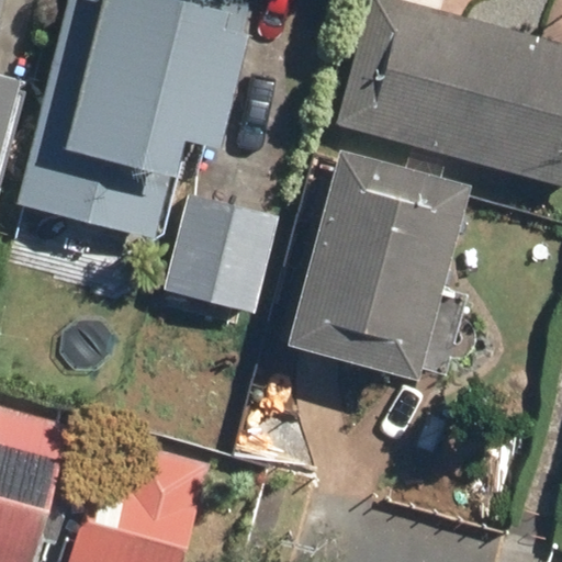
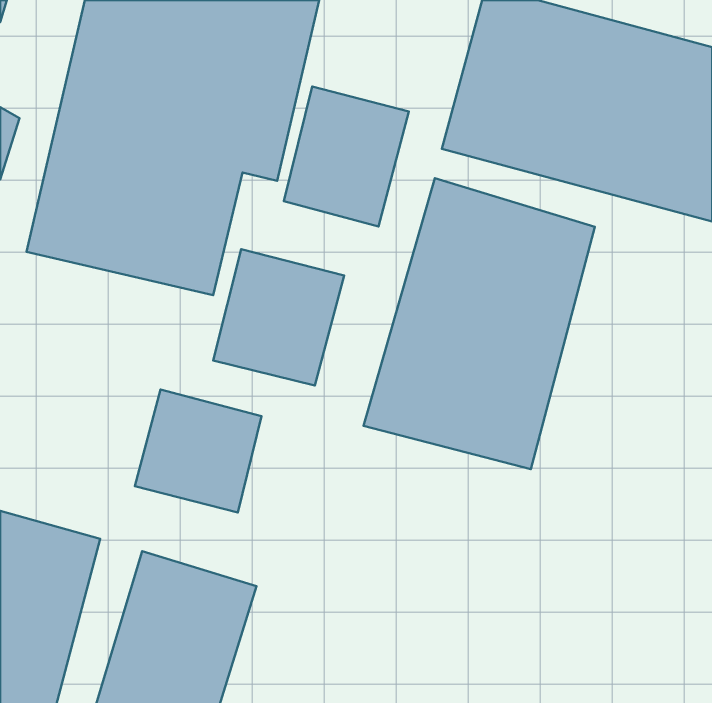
building: none -> [284,87,409,226]
building: none -> [135,389,261,512]

